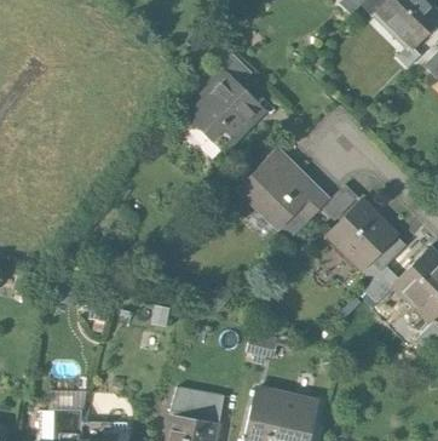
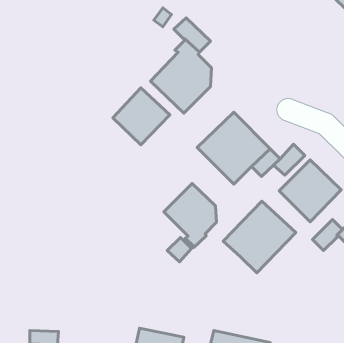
building: none -> [113,88,170,145]
building: none -> [164,184,217,248]
building: none -> [223,201,296,273]

